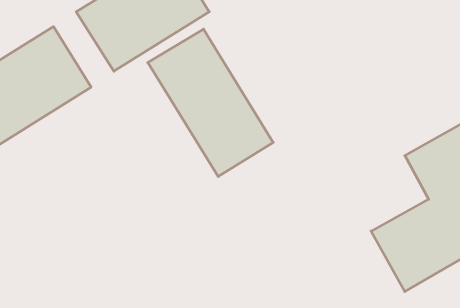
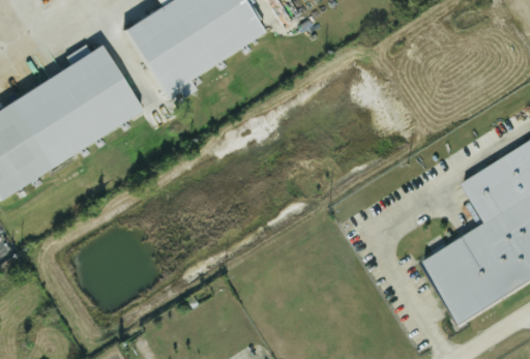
building: [148,29,273,177] -> none

